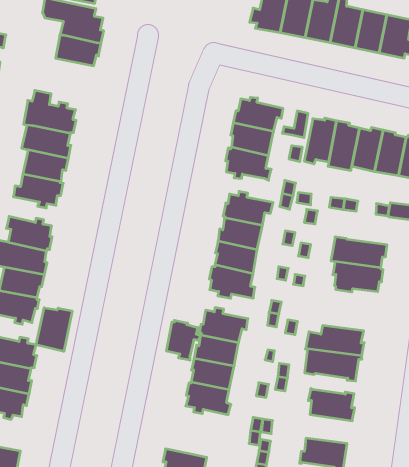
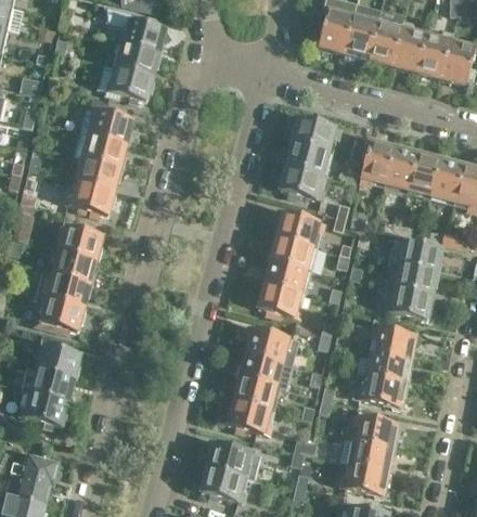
building: none -> [95,63,155,103]
building: none -> [385,238,441,272]
building: none -> [368,315,415,358]
building: [36,308,72,351] -> none
building: [167,320,200,360] -> none
building: none -> [347,439,395,470]
building: none -> [205,441,257,479]

